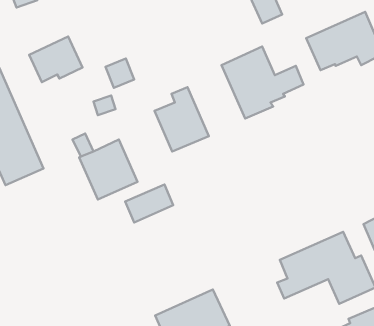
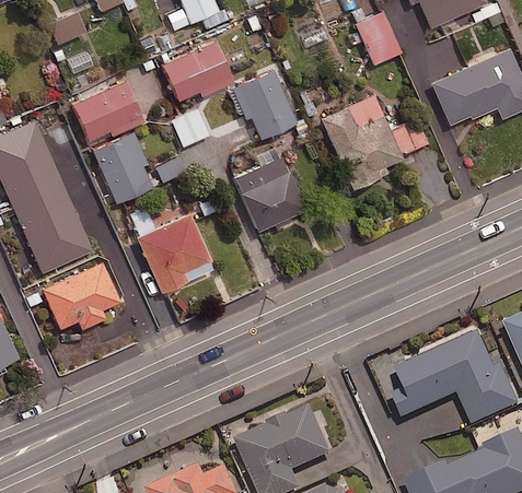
building: none -> [163,39,234,99]
building: none -> [230,68,299,138]
building: none -> [93,132,153,201]
building: none -> [43,261,119,327]
building: [125,184,173,223] -> none

